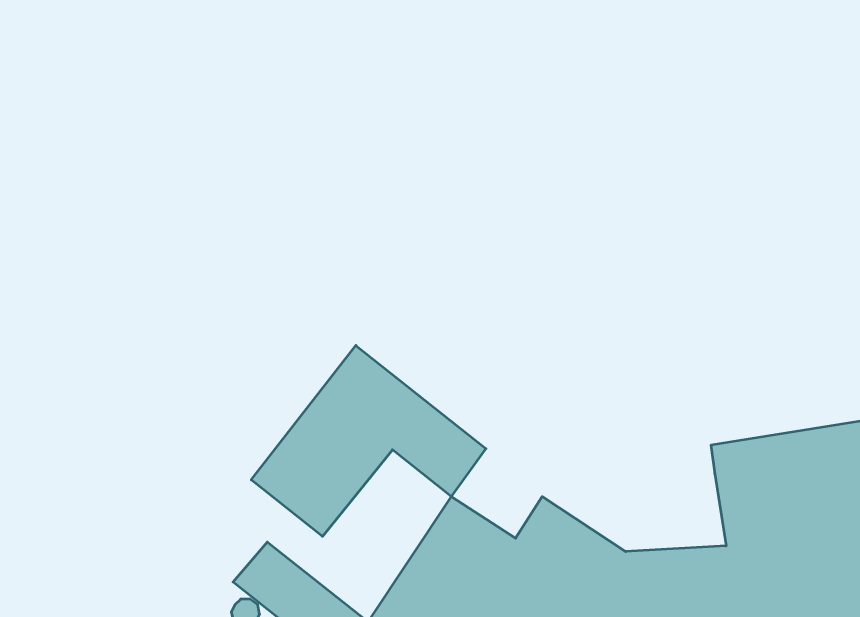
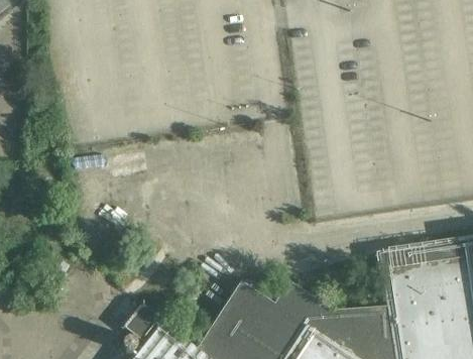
building: [251,345,486,536] -> none

